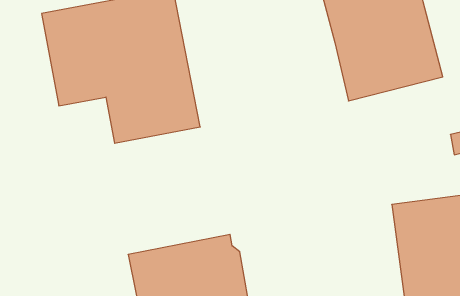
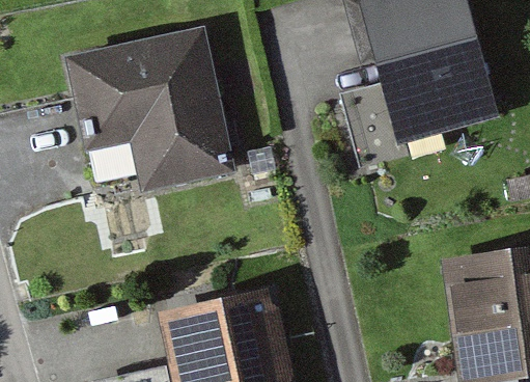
building: none -> [340,82,400,173]

